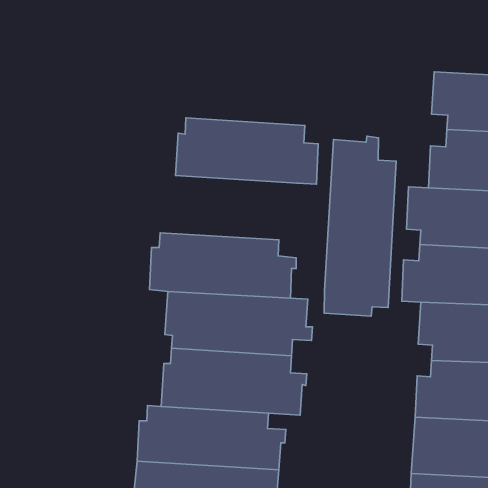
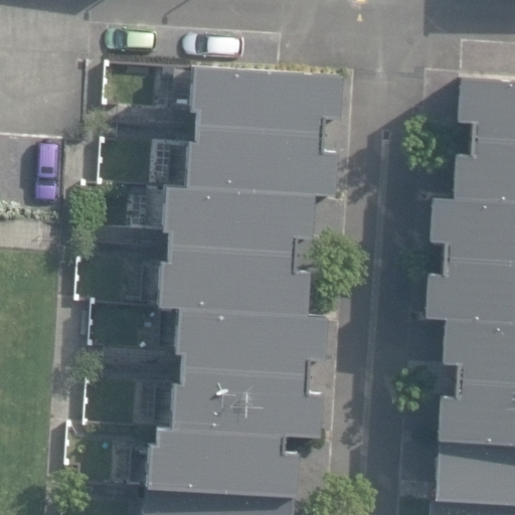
building: none -> [190,67,342,134]
building: [324,136,396,316] -> none
building: none -> [163,185,314,253]

